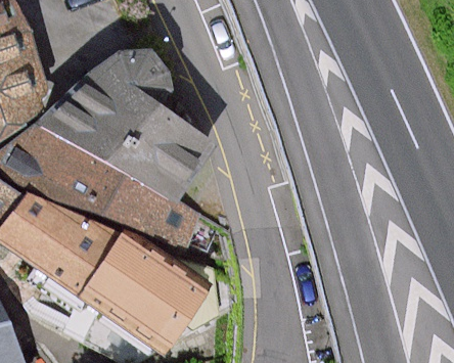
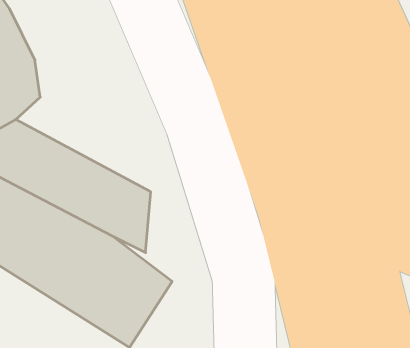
building: [49,67,210,200] -> none

